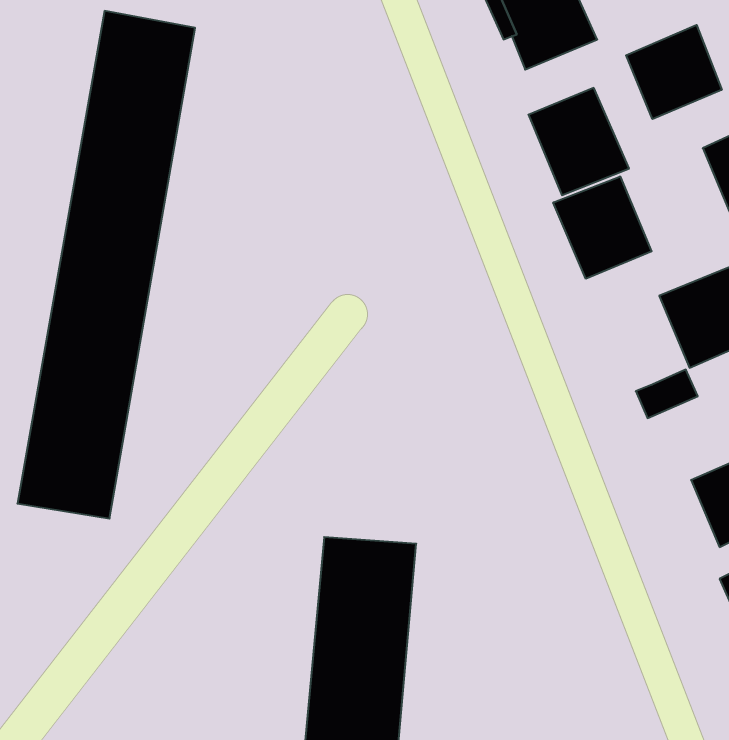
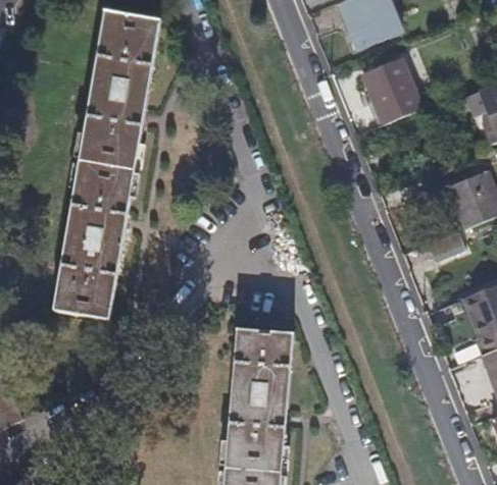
building: [626,25,722,119] -> none
building: [553,176,652,279] -> none

